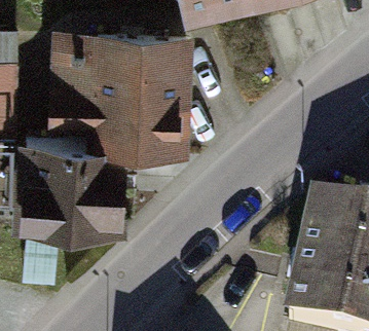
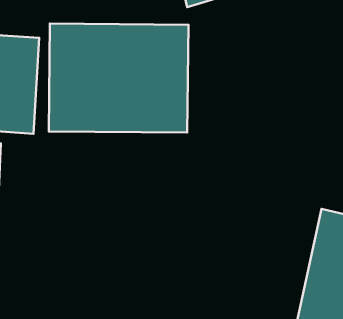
building: [21,157,128,222] -> none

